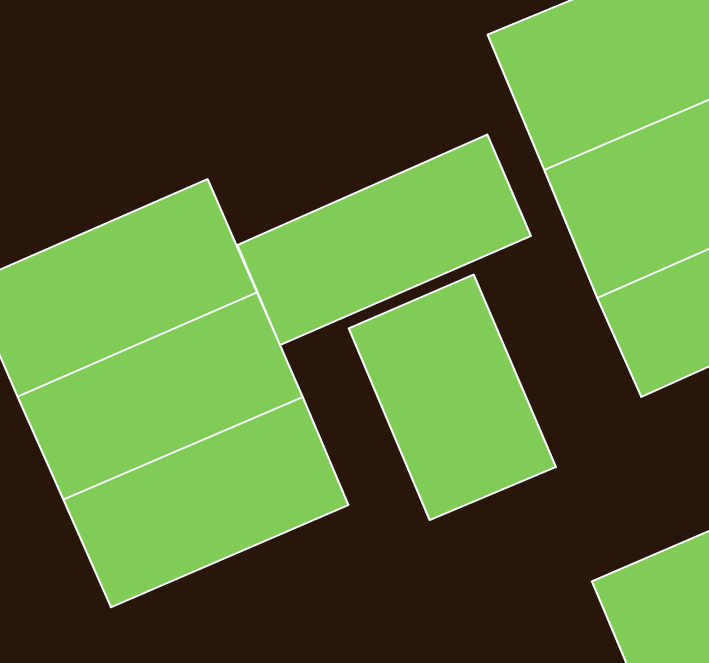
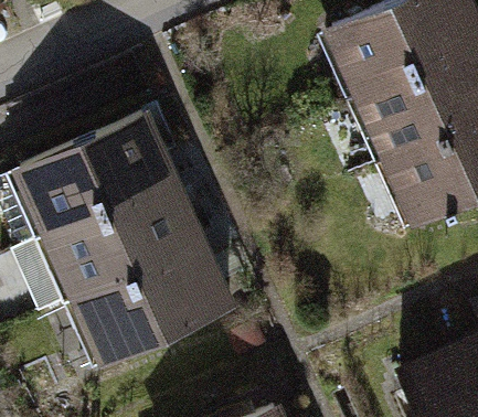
building: [238,134,531,345] -> none
building: [349,275,556,520] -> none

